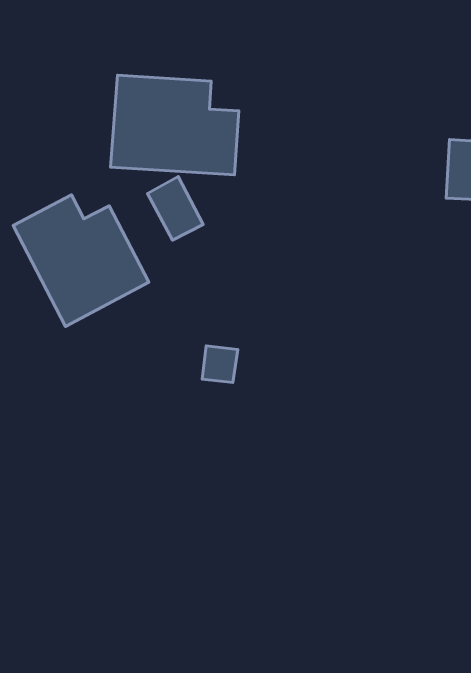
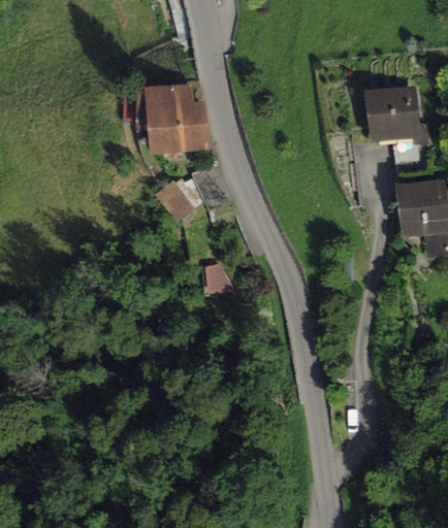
building: [13,195,149,327] -> none

